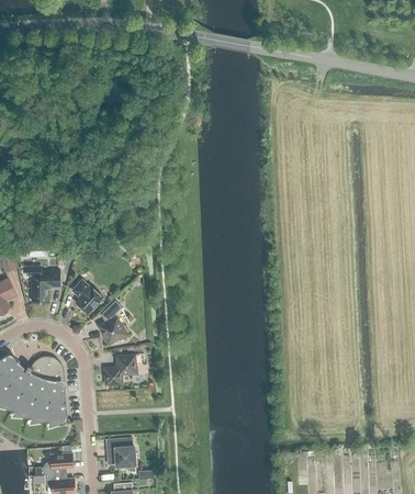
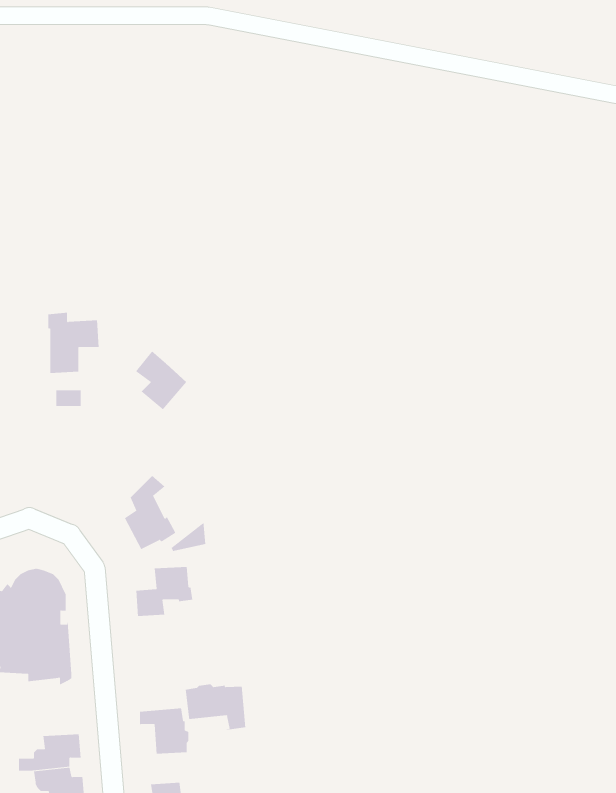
building: [30,266,60,302] -> [48,312,100,374]
building: [71,279,102,314] -> [135,351,187,410]
building: none -> [185,683,246,731]

